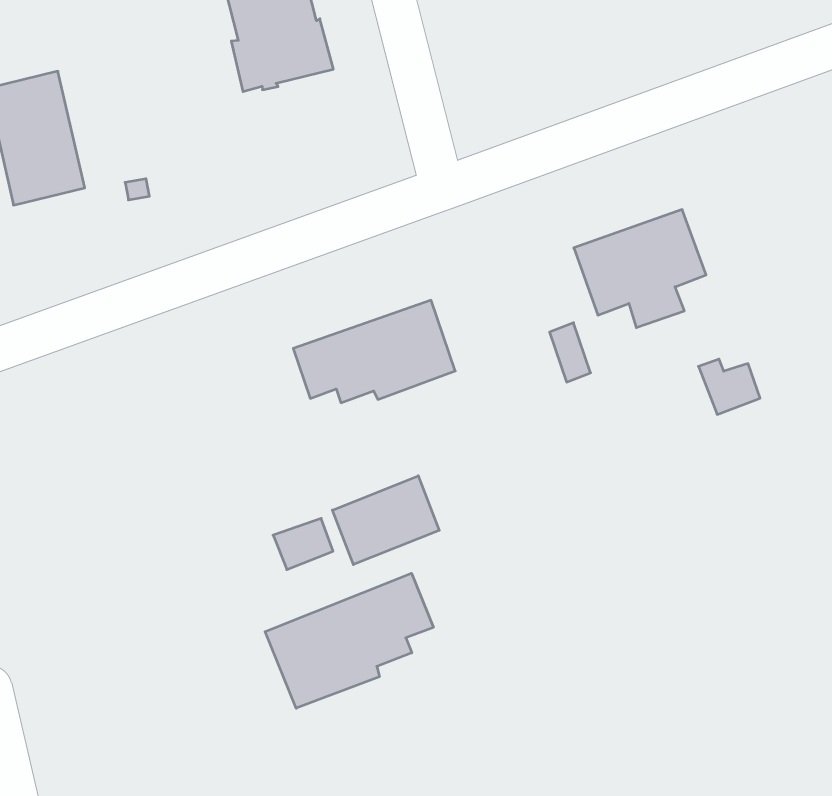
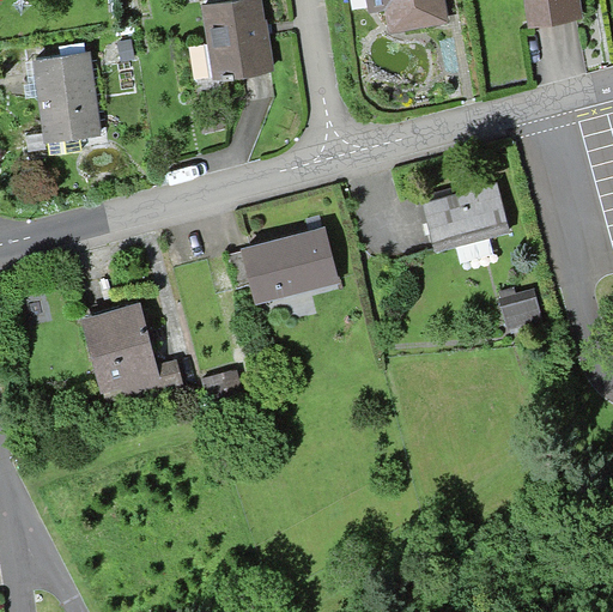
building: none -> [85,308,184,400]
building: [332,476,439,565] -> none
building: [265,573,433,708] -> none

